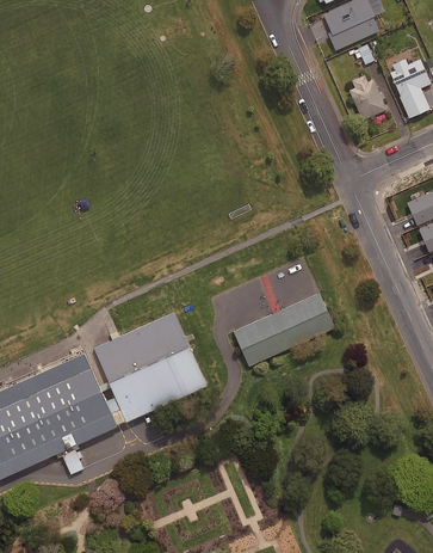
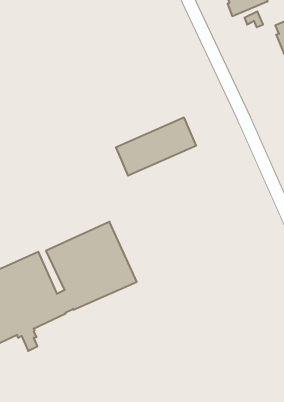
building: [346,73,389,118] -> none
building: [234,294,336,368] -> [116,118,196,176]

